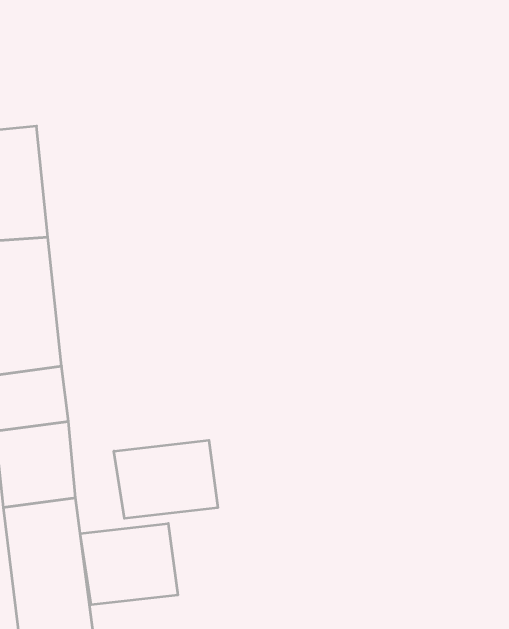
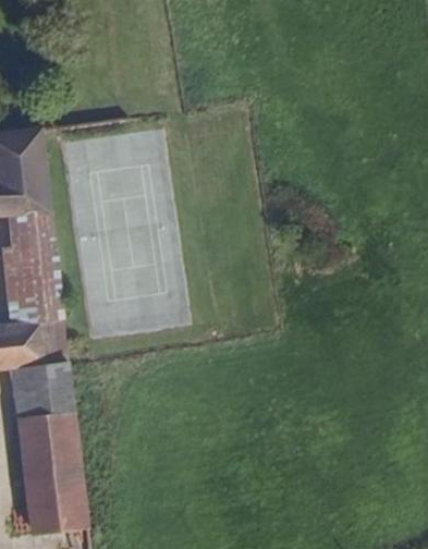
building: [114,440,218,518] -> none
building: [80,523,178,605] -> none

